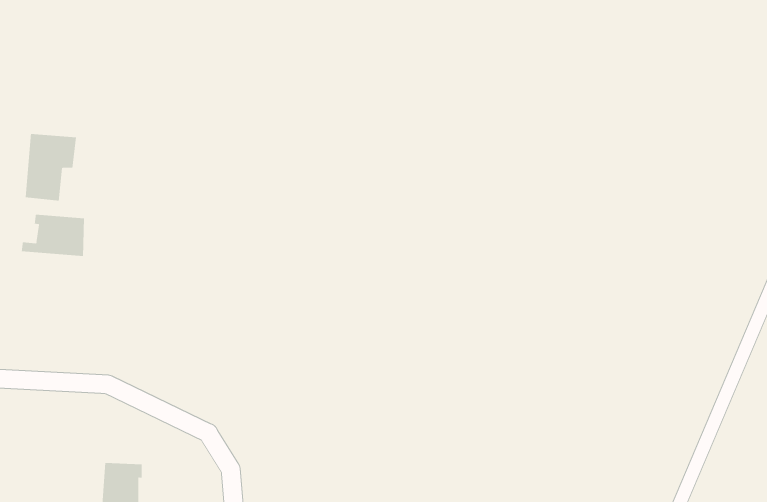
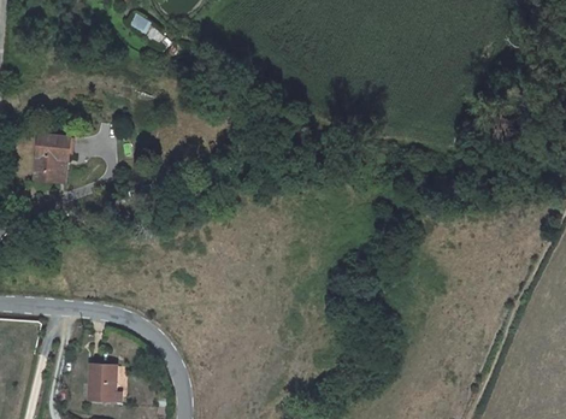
building: [21,214,85,257] -> none

